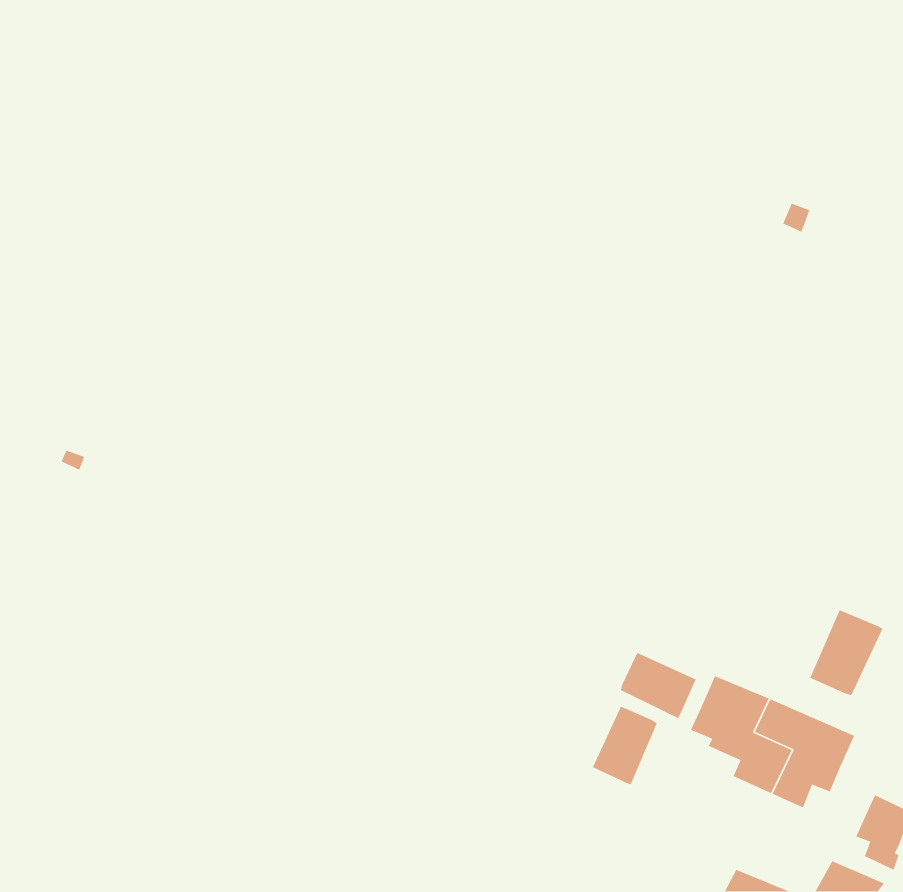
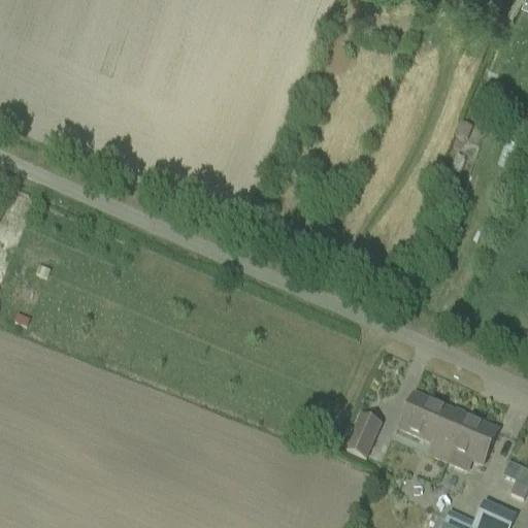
building: [809,609,883,696] -> none
building: [620,652,697,719] -> none

